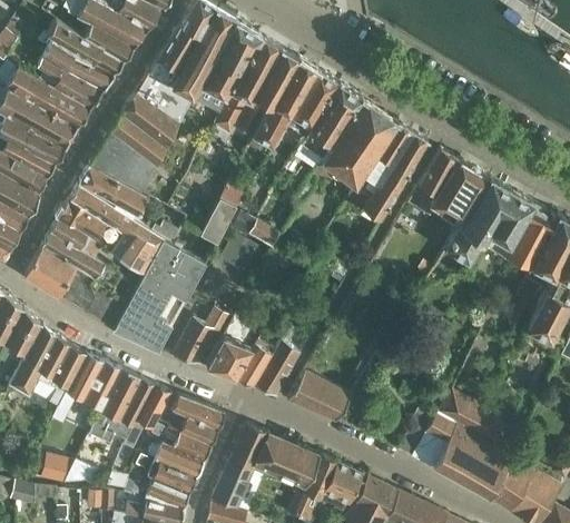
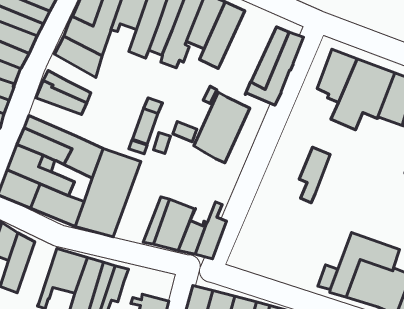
building: [322,98,397,186] -> [194,92,250,163]
building: [110,115,167,169] -> none
building: [416,149,461,217] -> [299,147,330,203]
building: [78,165,147,219] -> none
building: [173,306,224,362] -> none
building: [35,341,87,416] -> none
building: [286,371,351,422] -> none
building: [163,392,225,438] -> none

